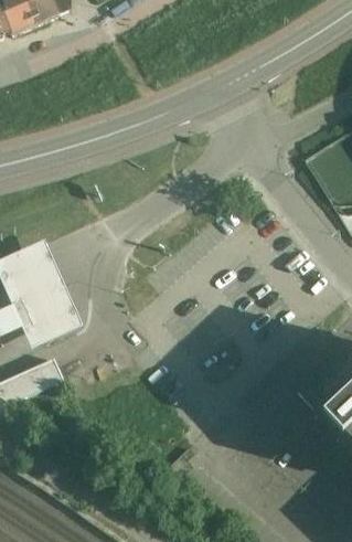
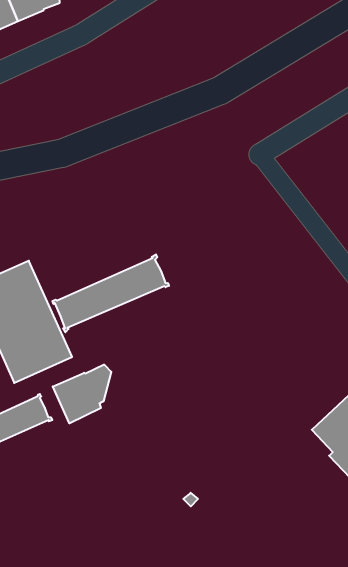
building: none -> [52,254,169,332]
building: none -> [53,365,111,423]

